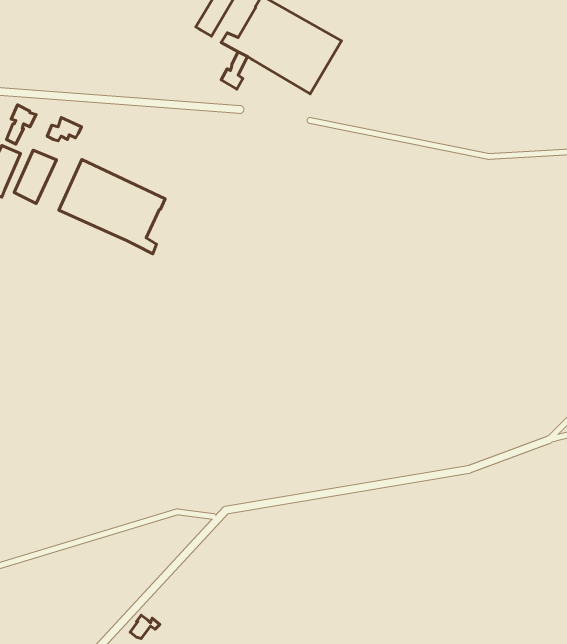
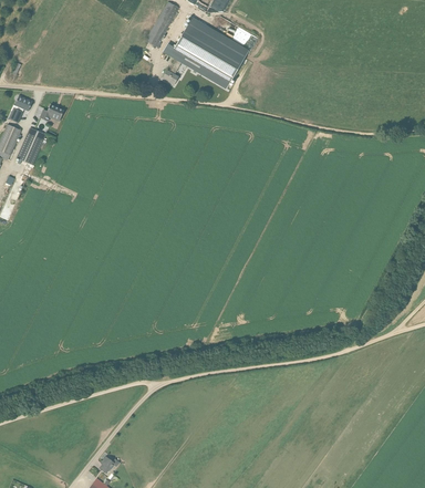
building: [59,159,165,254] -> none

